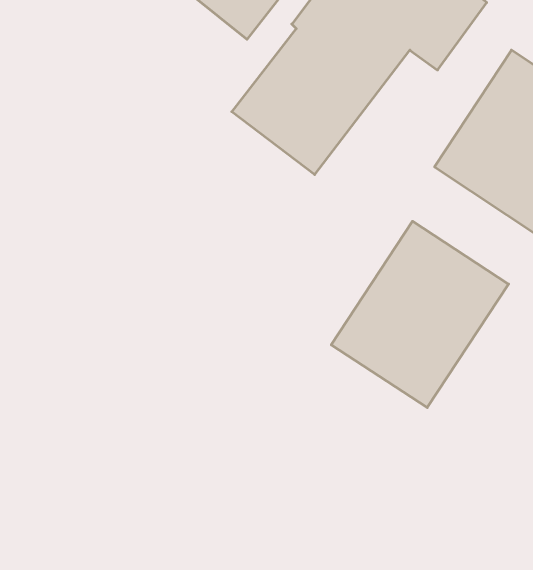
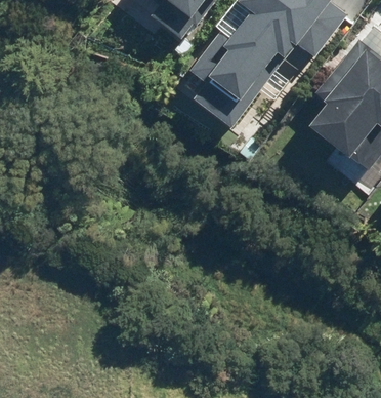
building: [331,221,509,408] -> none

